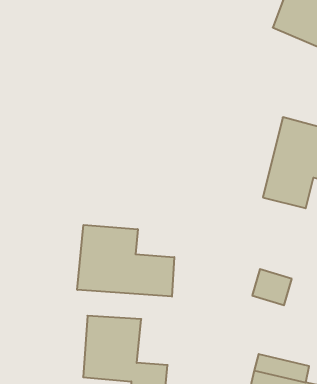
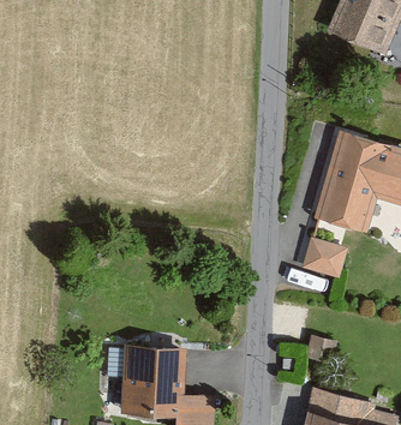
building: [77,225,174,297] -> none
building: [252,269,292,305] -> [303,241,346,281]

